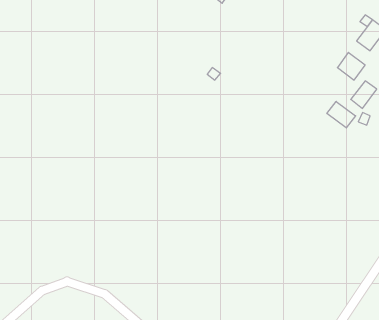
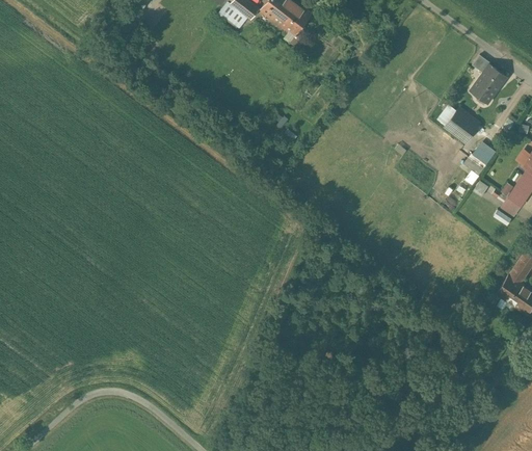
building: [327,101,356,128] -> none

